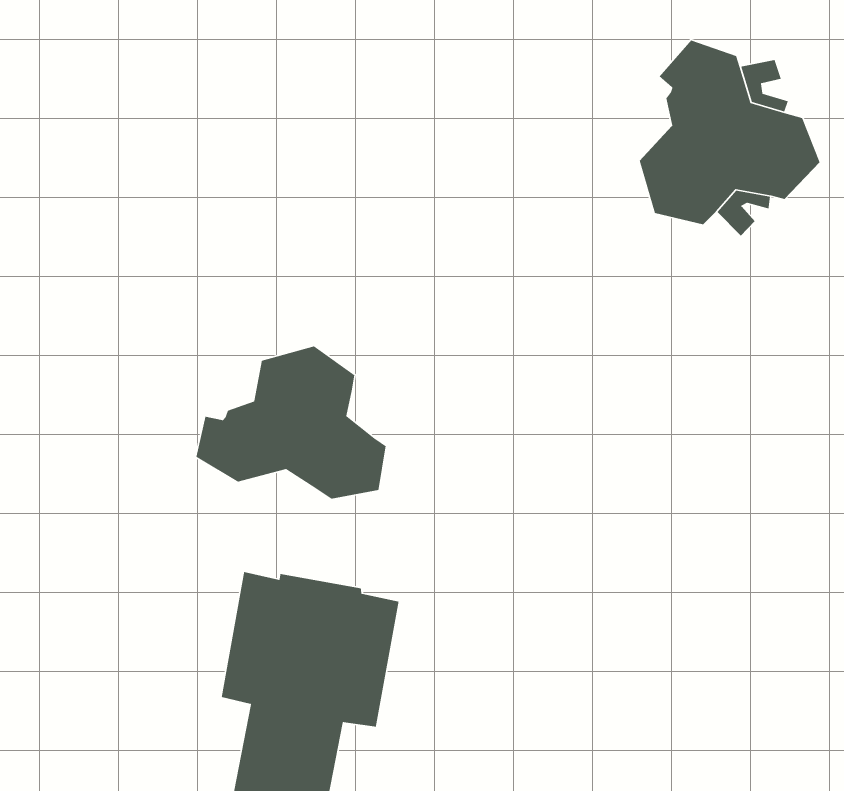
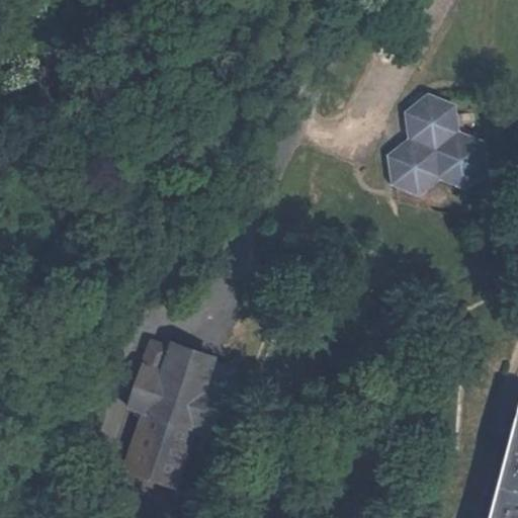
building: [196,345,387,499] -> none

